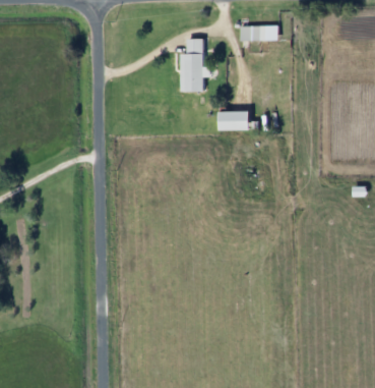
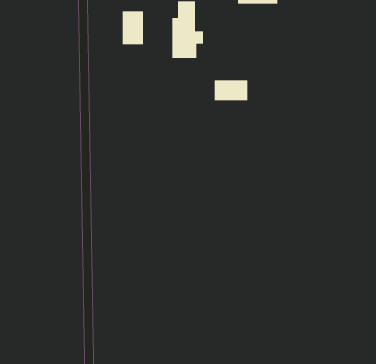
building: none -> [122,10,143,45]

